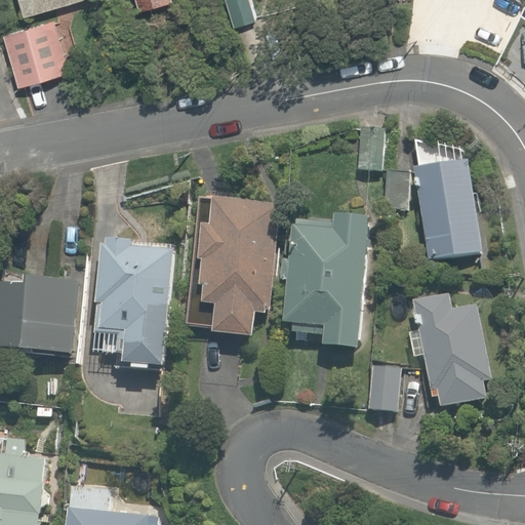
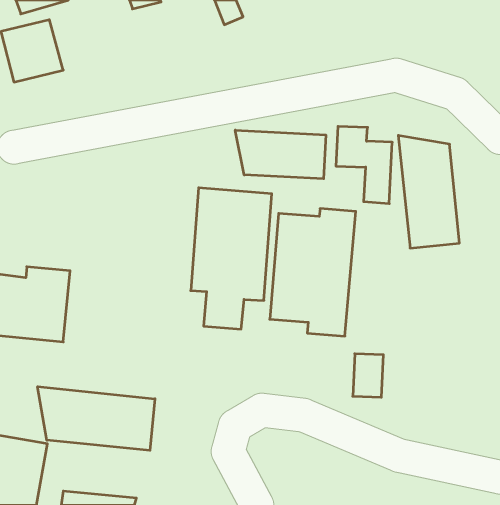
building: none -> [235,130,326,179]
building: [97,236,179,368] -> none
building: [408,295,494,407] -> none
building: none -> [38,387,155,450]

